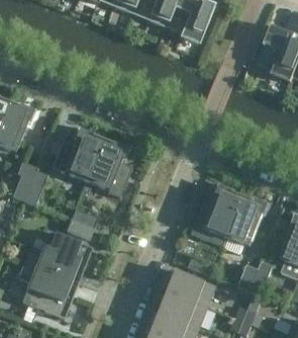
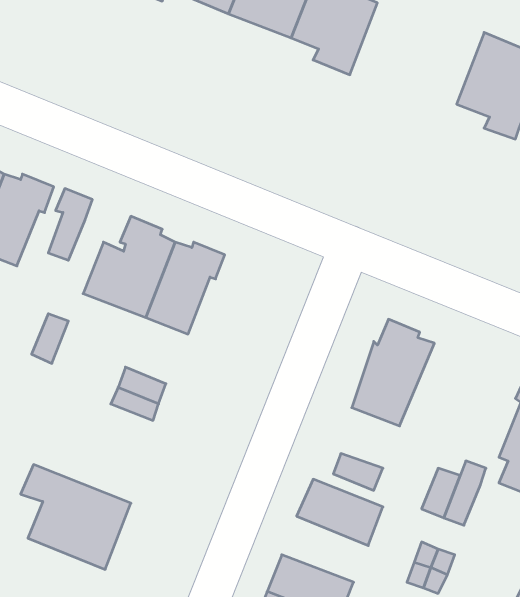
building: [11,161,35,200] -> [48,189,92,260]
building: [226,194,270,246] -> none
building: [23,231,91,282] -> none
building: [160,289,207,326] -> none

